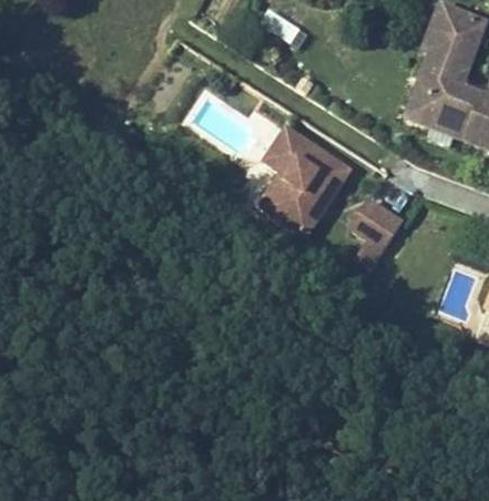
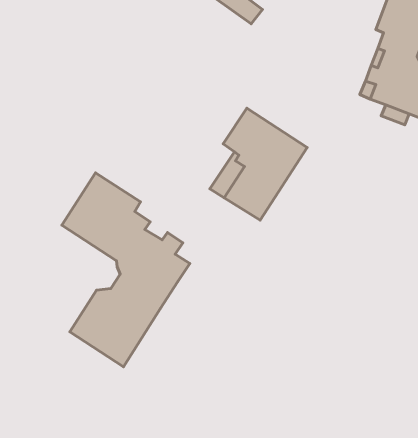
building: none -> [62,173,190,367]
building: [349,197,403,276] -> none

